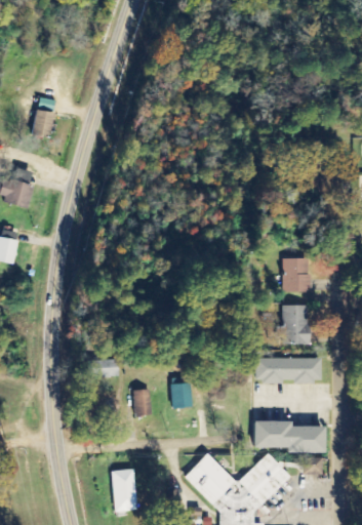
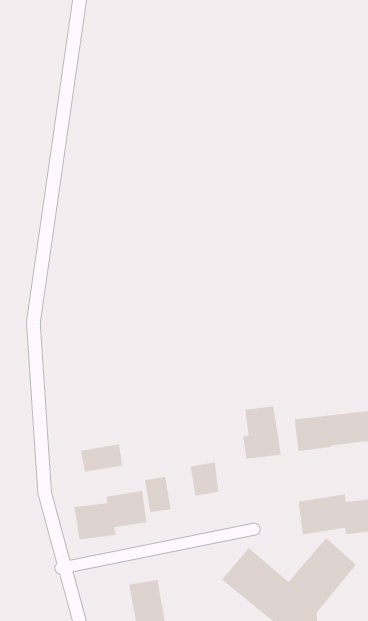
building: [284,257,310,291] -> none
building: [281,305,310,344] -> [243,406,282,459]
building: none -> [74,490,147,540]

